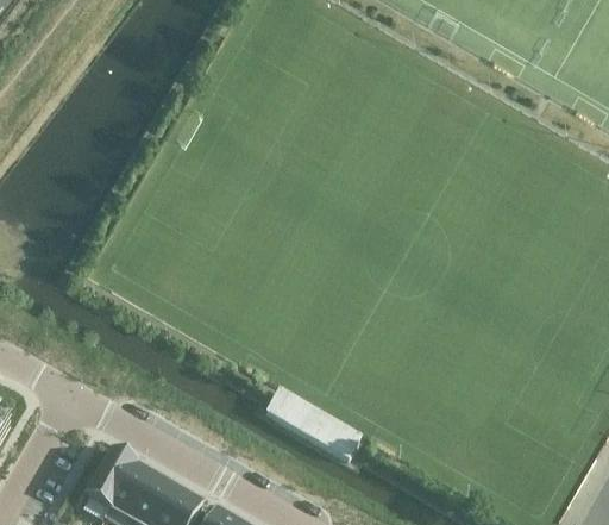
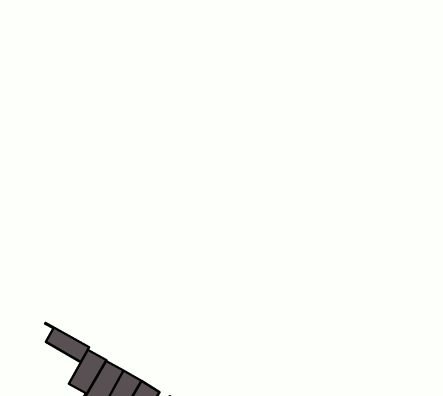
building: none -> [45,323,89,362]

